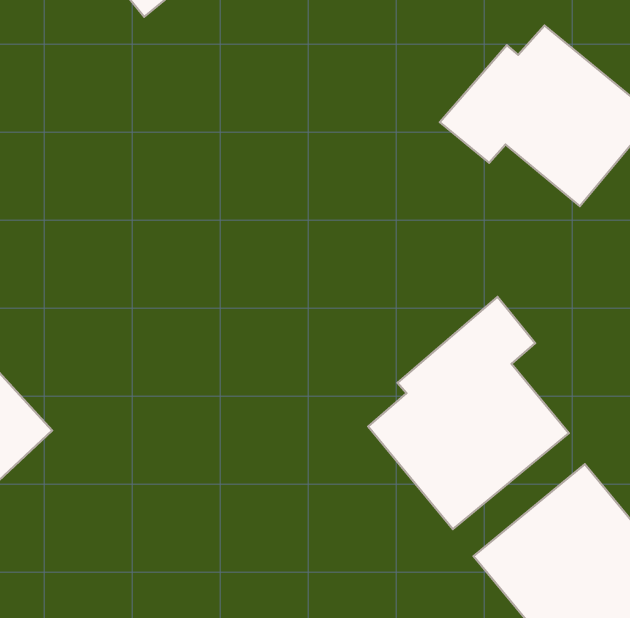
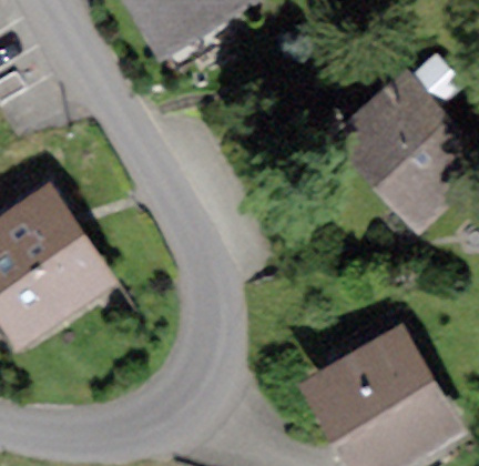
building: [368,297,569,529] -> none

